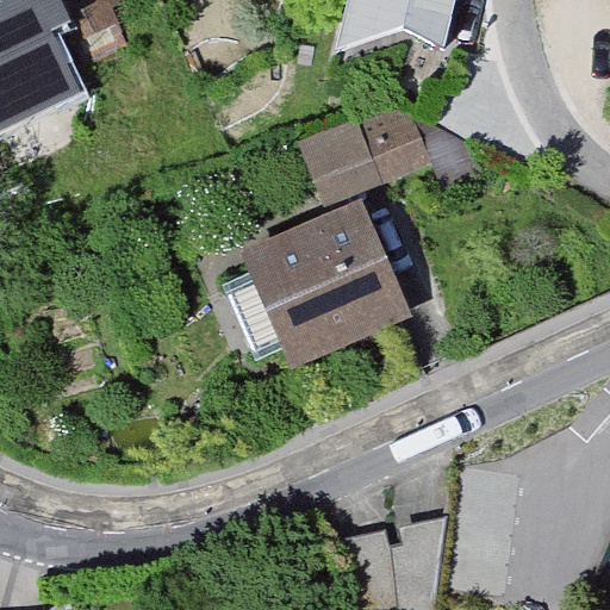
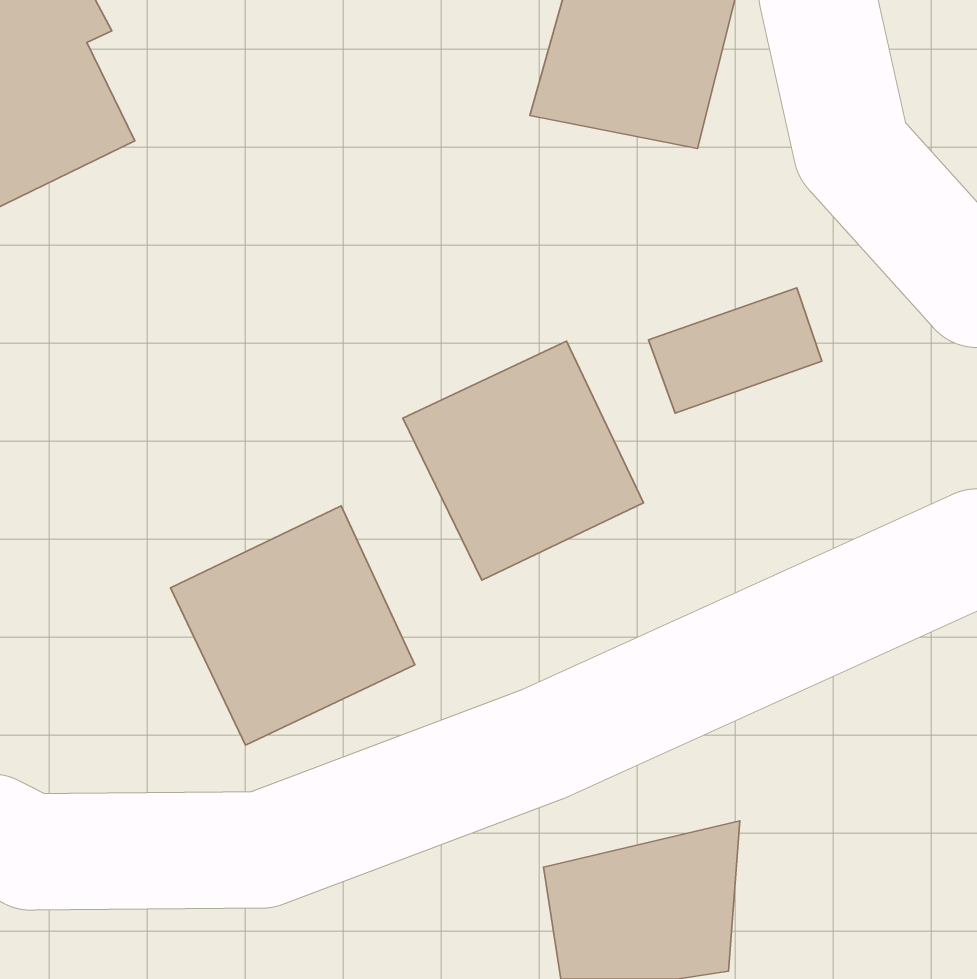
building: [318,113,425,191] -> [648,288,822,413]
building: none -> [171,506,415,745]

